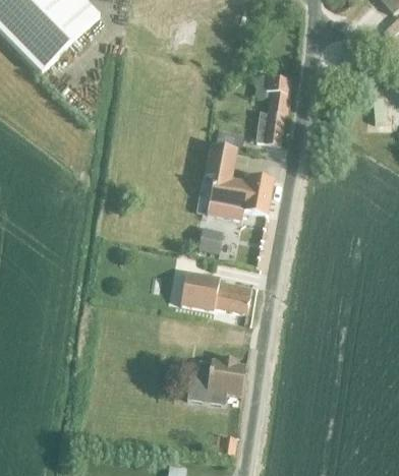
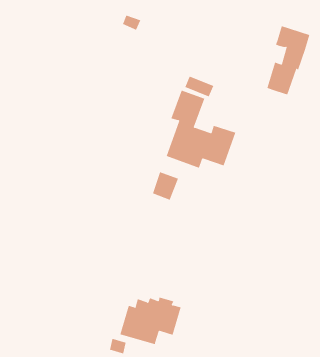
building: [254,74,290,143] -> [267,26,310,95]
building: [178,272,249,312] -> none

